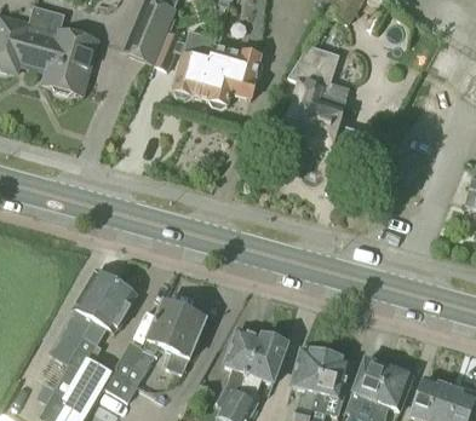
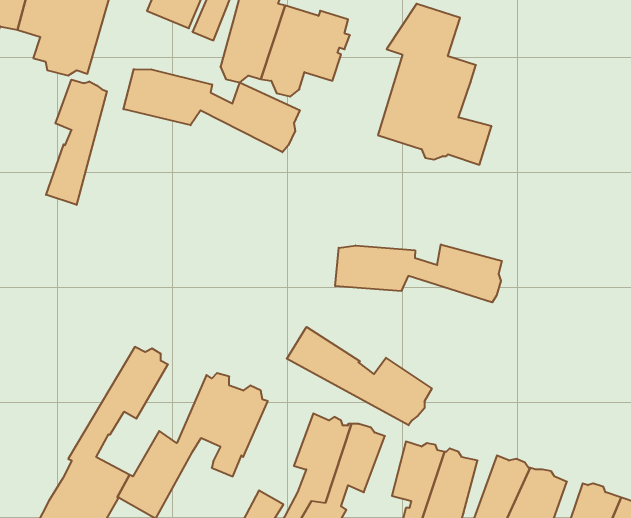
building: none -> [123,69,300,152]
building: none -> [46,80,107,205]
building: none -> [335,244,502,302]
building: none -> [287,327,432,425]
building: [48,270,114,363] -> none

